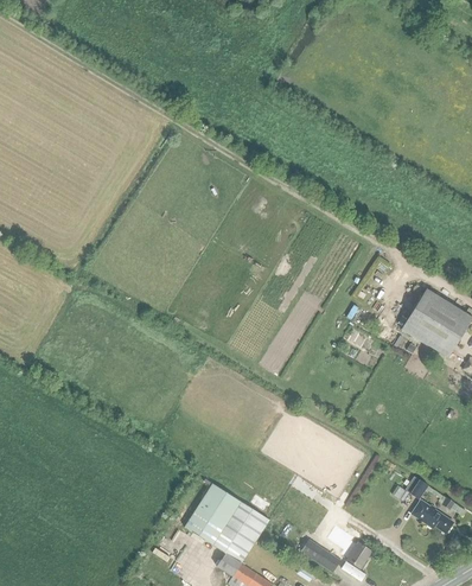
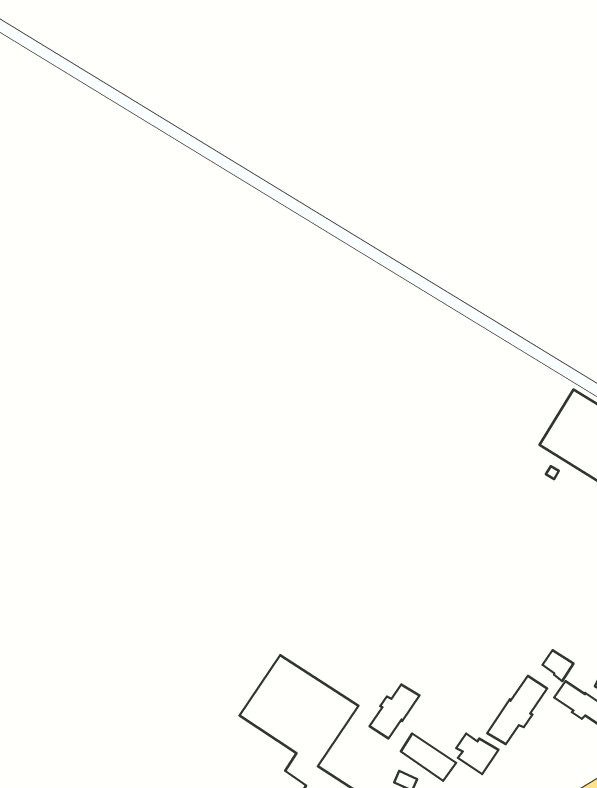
building: none -> [487,676,547,744]
building: none -> [370,685,419,738]

